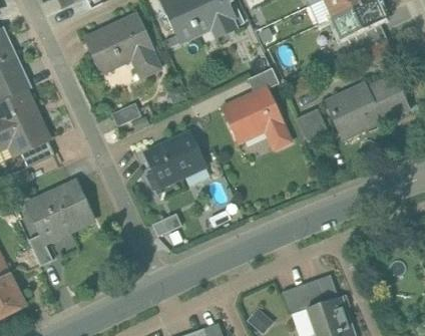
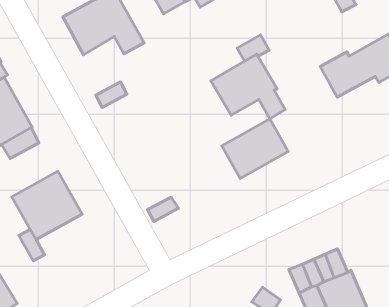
building: [296,107,328,140] -> none
building: [144,132,206,187] -> [222,119,288,178]

